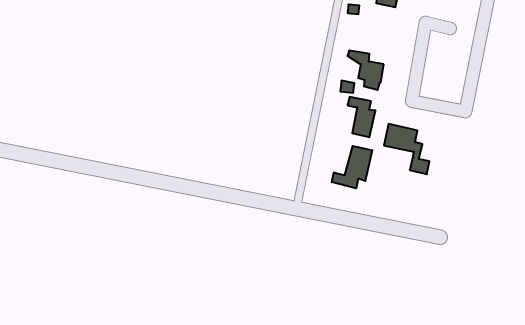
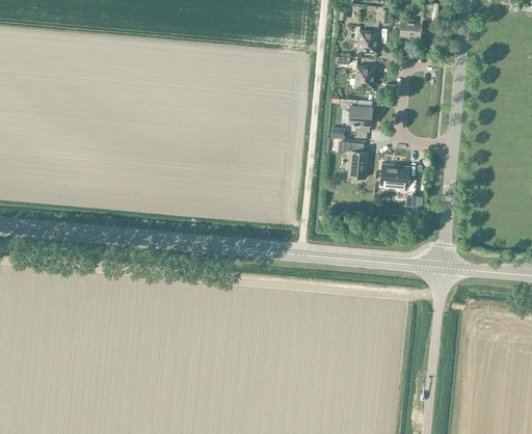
building: none -> [354,64,375,86]
building: [332,146,372,188] -> none

